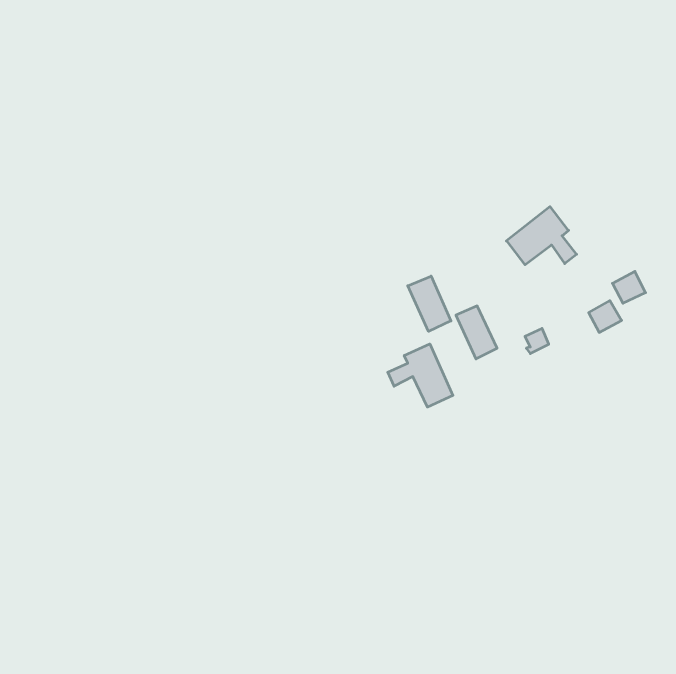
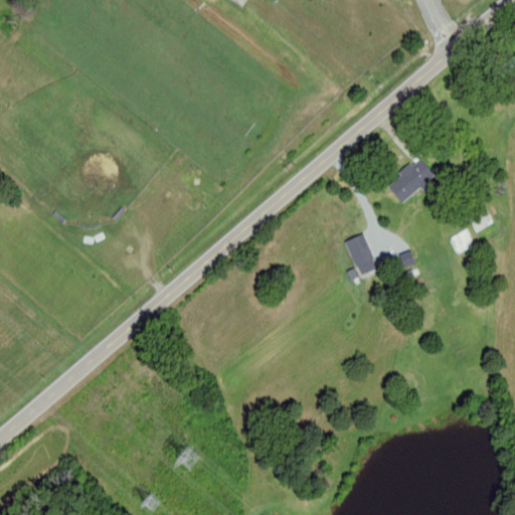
building: [408,276,451,331] -> none
building: [388,344,453,407] -> none

